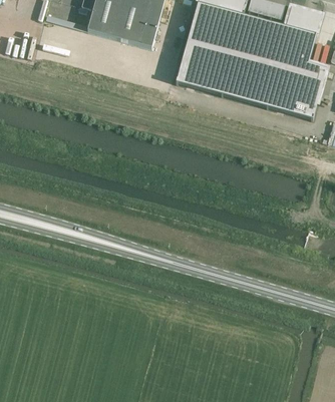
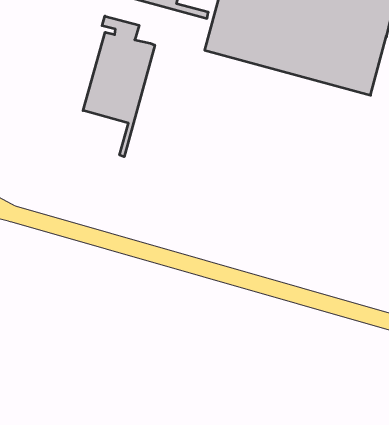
building: none -> [83,16,155,157]

